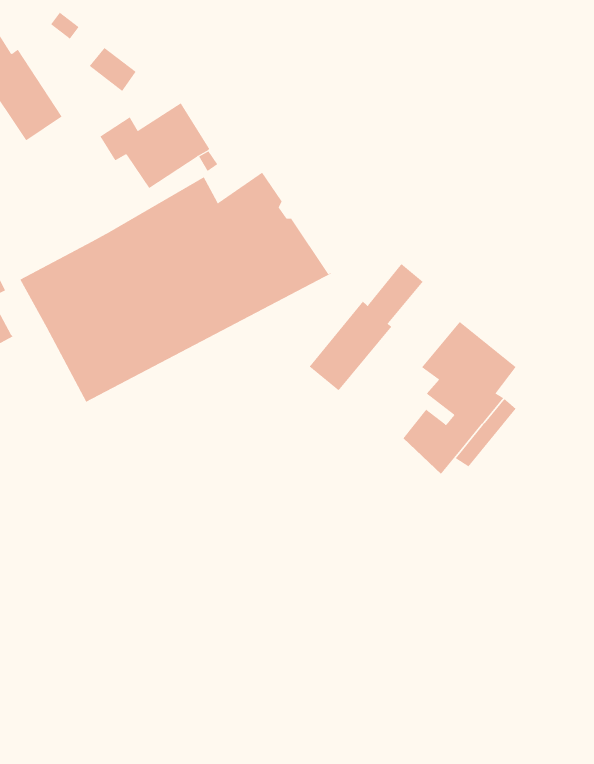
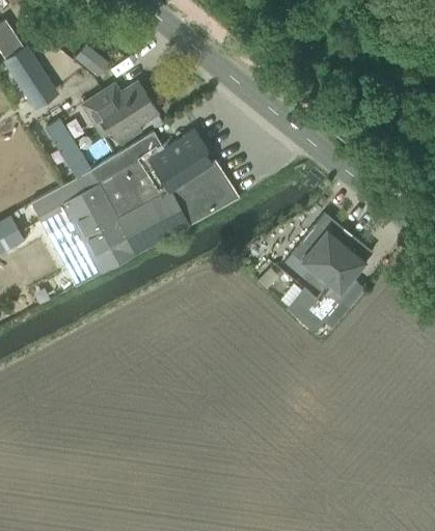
building: none -> [45,120,84,168]
building: [309,263,424,391] -> none

